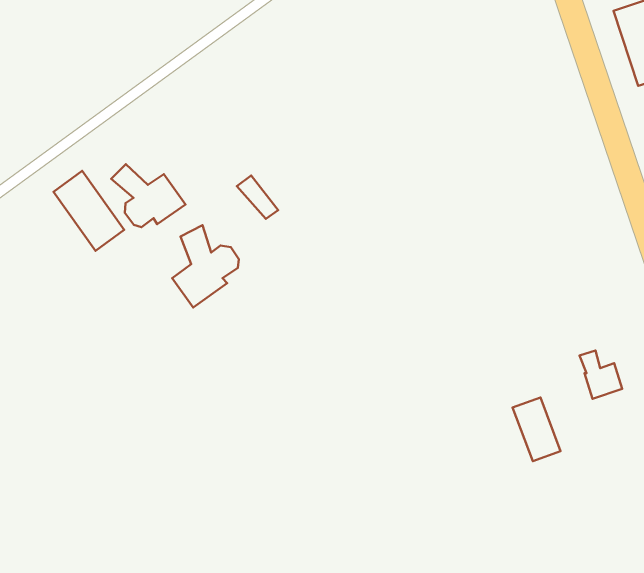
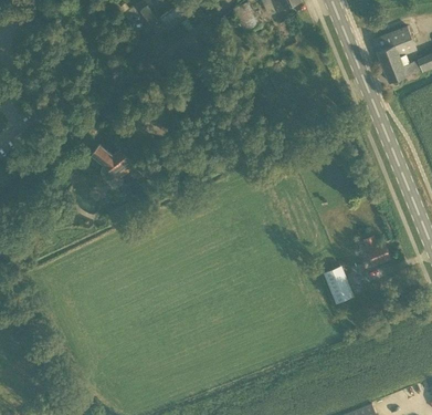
building: [53,171,124,251] -> none
building: [172,225,239,307] -> none

